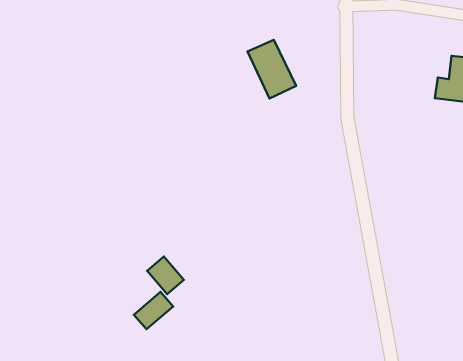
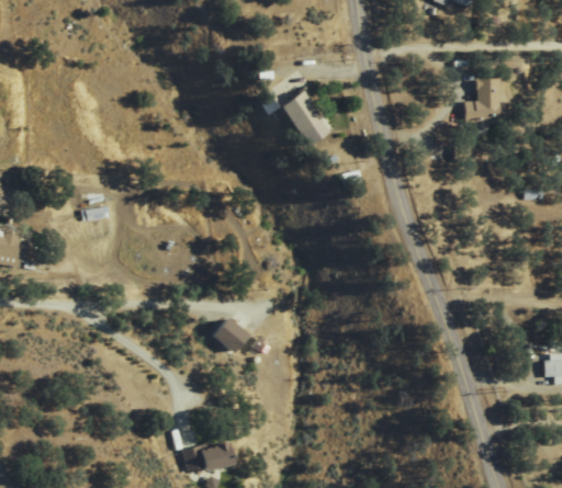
building: [134,292,173,329] -> none

